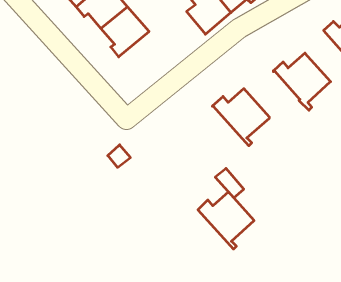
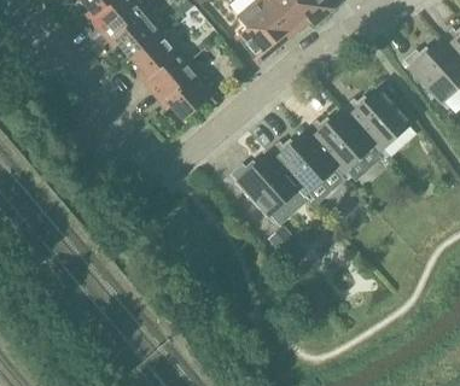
building: none -> [152,60,216,119]
building: none -> [304,109,374,179]
building: [198,192,254,249] -> [231,152,299,222]

